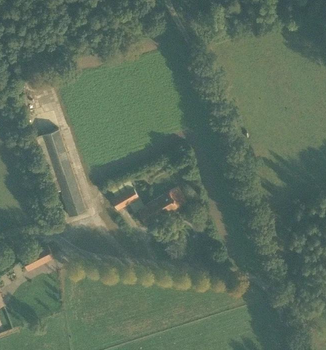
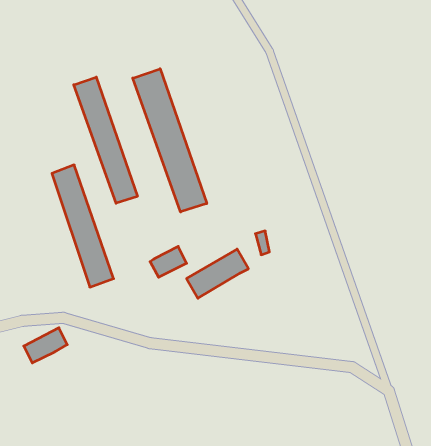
building: none -> [133,69,207,212]
building: none -> [74,77,137,203]

